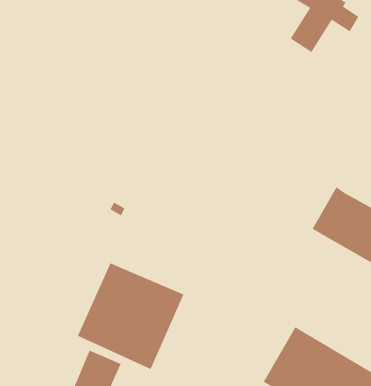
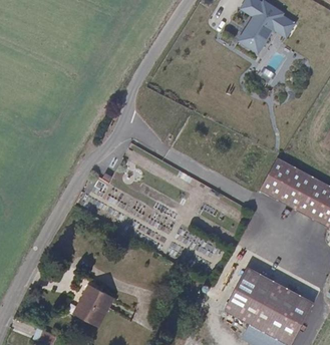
building: [77,263,184,370] -> none

